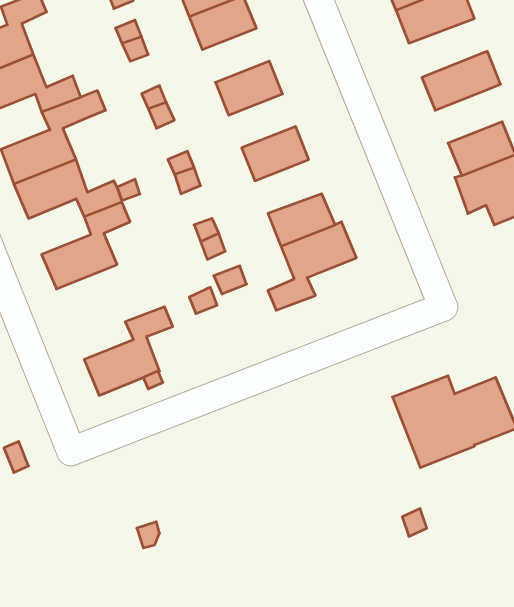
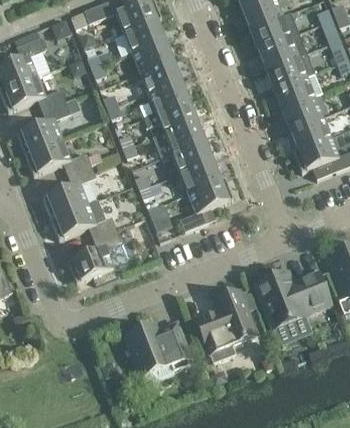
building: none -> [265,52,313,88]
building: none -> [139,58,180,91]
building: none -> [281,95,322,128]
building: none -> [144,98,196,131]
building: none -> [171,138,212,171]
building: none -> [50,198,116,238]
building: none -> [197,289,256,361]
building: none -> [125,320,192,385]

